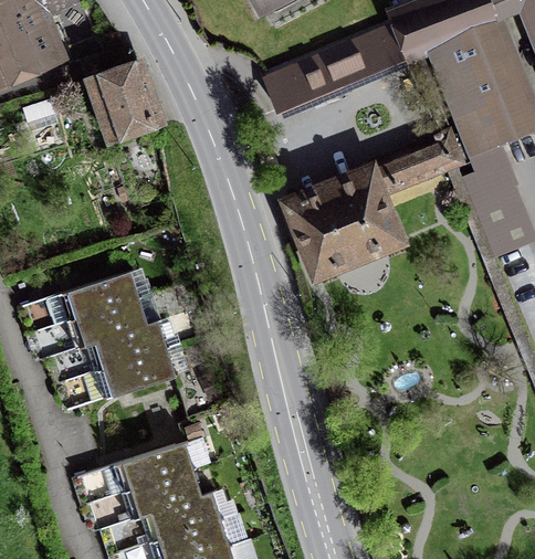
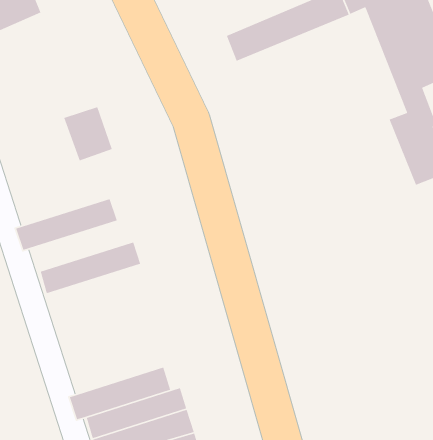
building: [98,68,157,134] -> [63,106,113,162]
building: [289,135,461,273] -> none
building: [29,298,149,361] -> none
building: [56,349,177,411] -> none
building: [75,443,195,505] -> none

